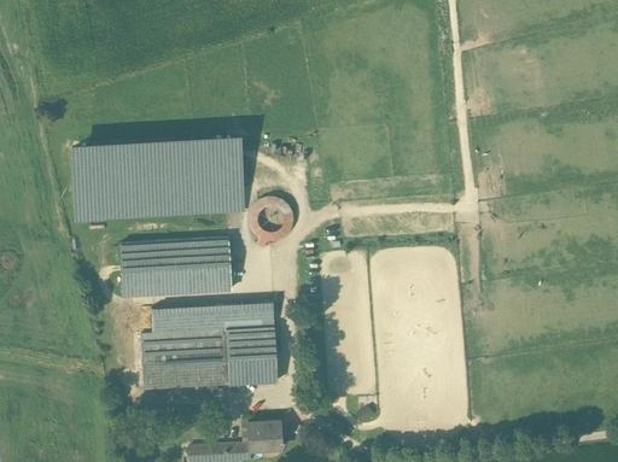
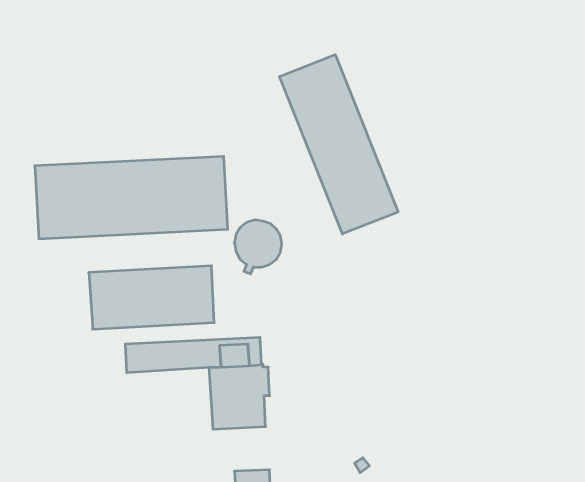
building: none -> [280,55,398,234]
building: [141,329,231,390] -> none

